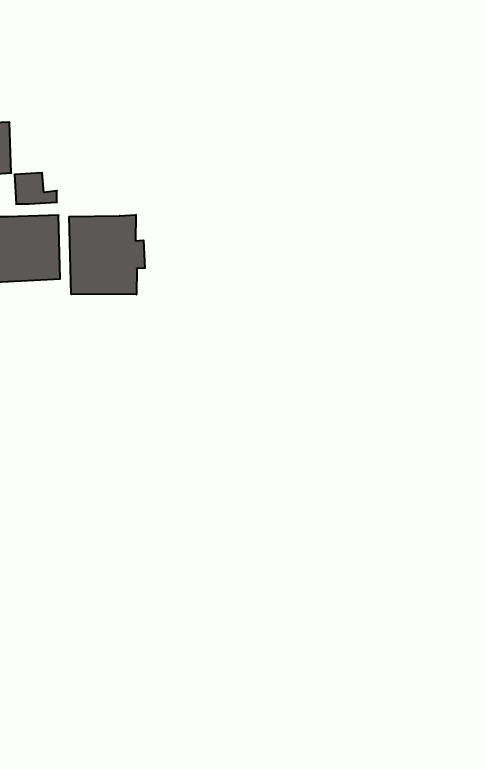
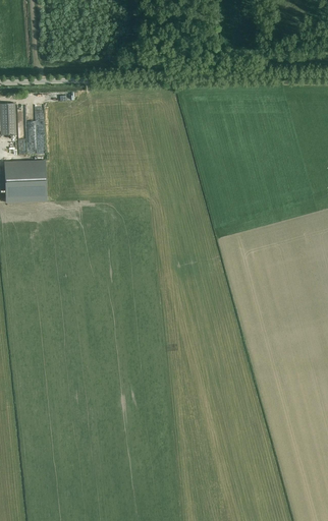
building: [69,215,145,295] -> none

